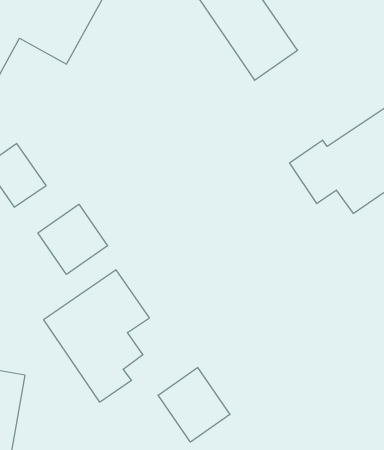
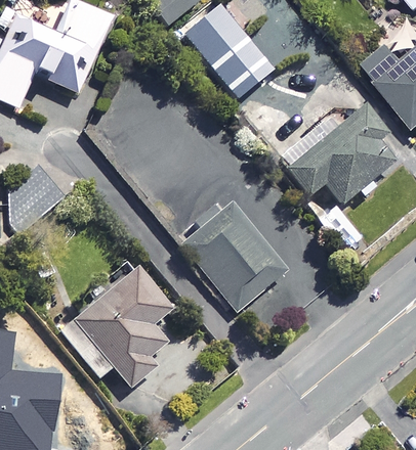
building: [38,204,108,274] -> none
building: none -> [180,208,282,313]
building: [158,367,230,442] -> none

